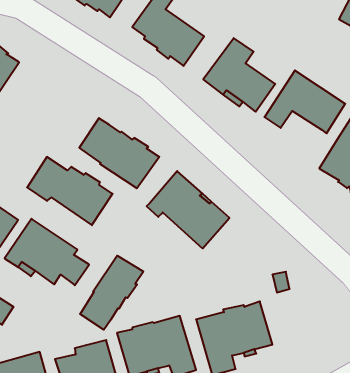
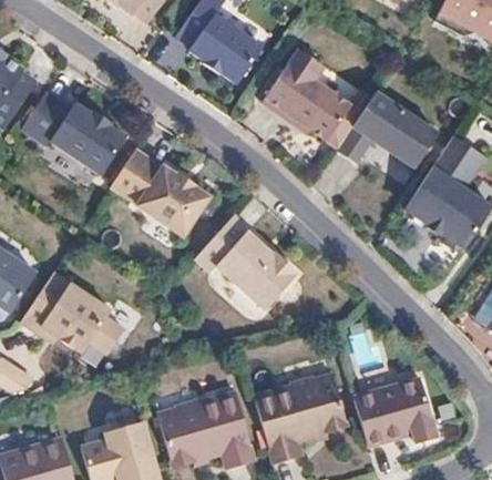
building: [27,157,113,225] -> [21,90,126,174]
building: [80,256,143,330] -> none
building: none -> [353,378,438,445]

